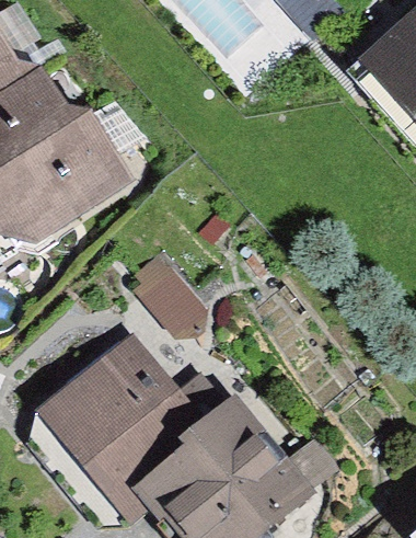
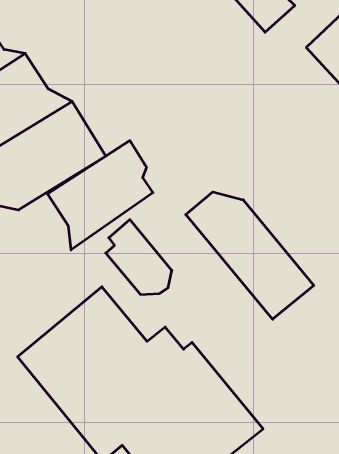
building: none -> [48,141,153,250]
building: none -> [186,192,314,319]

